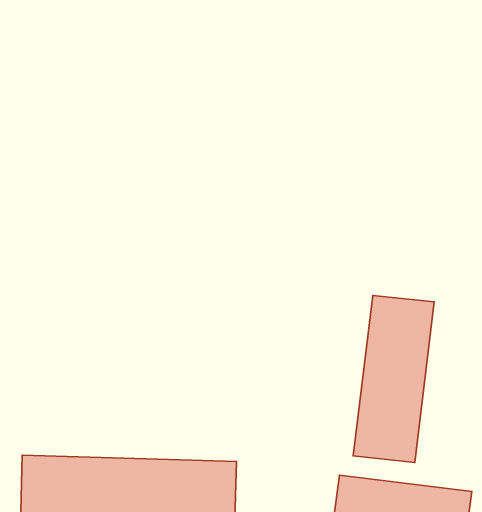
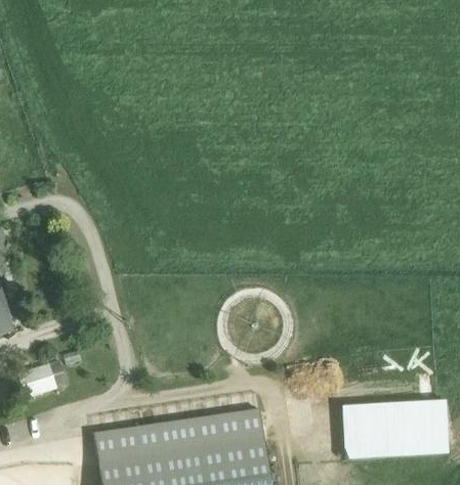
building: [353,295,434,462] -> none

